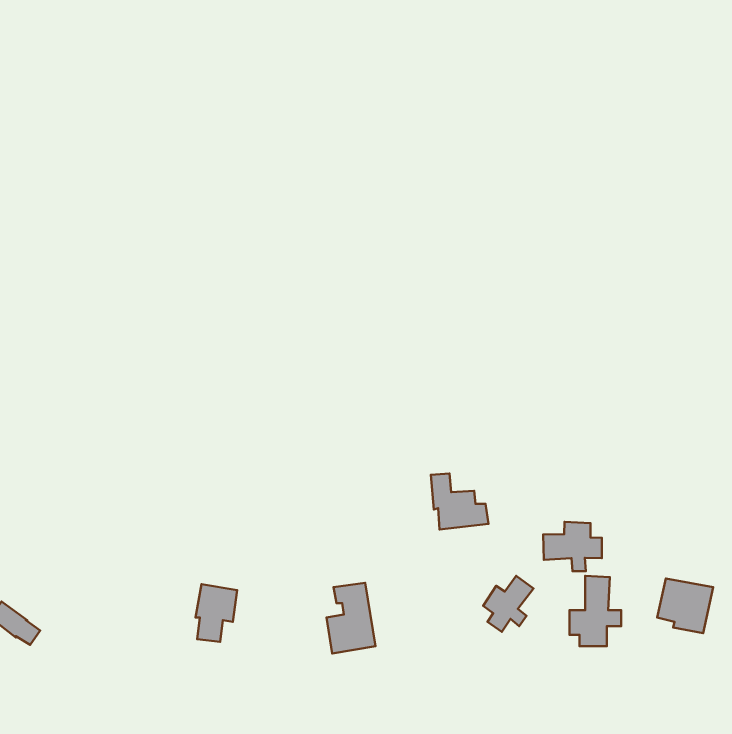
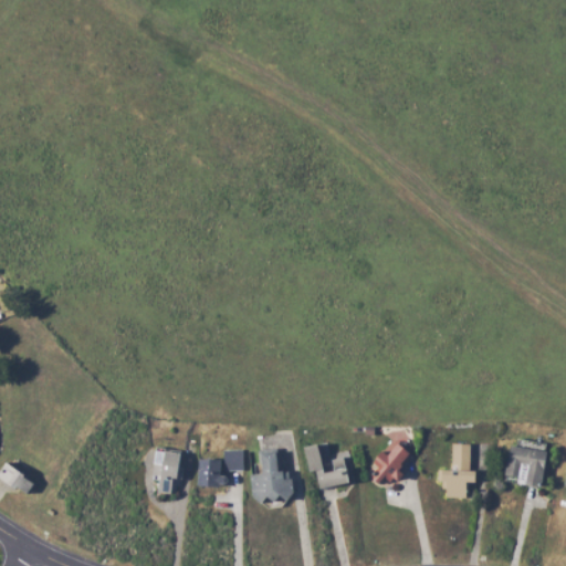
building: [431,473,488,530] -> [307,444,352,488]
building: [543,522,602,571] -> none
building: none -> [198,453,241,485]

